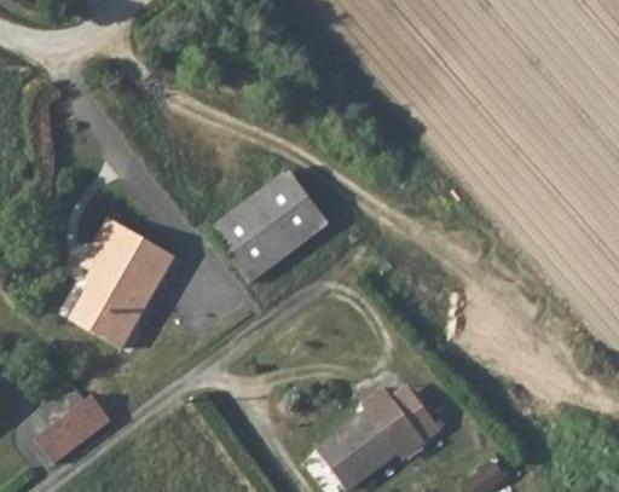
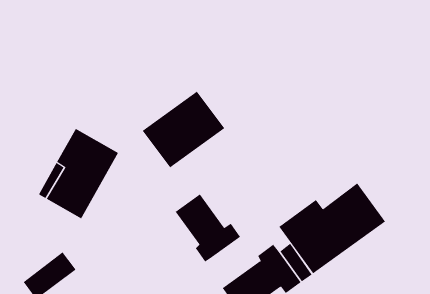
building: none -> [279,182,386,274]
building: none -> [175,194,241,262]

